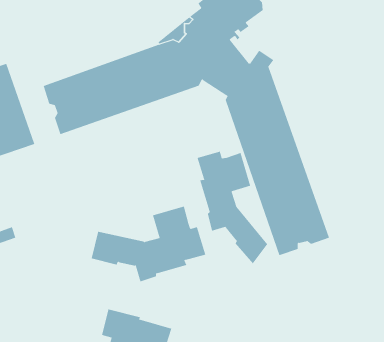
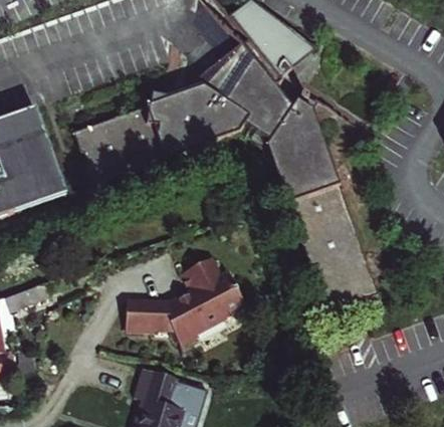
building: [197,151,268,264] -> none

